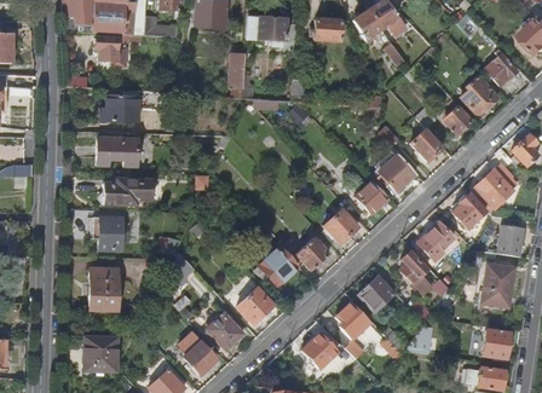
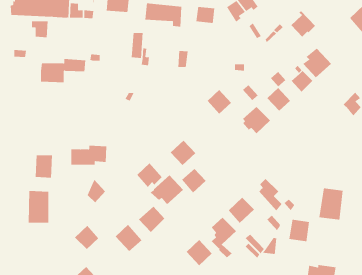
building: [484,50,518,86] -> [291,11,316,38]
building: [96,137,138,167] -> none
building: [473,166,517,209] -> none
building: [103,178,152,204] -> [70,145,107,165]
building: [354,180,388,214] -> [207,89,232,114]
building: [451,193,485,229] -> none
building: [323,209,358,244] -> [170,140,196,166]
building: [417,222,454,261] -> none
building: [497,224,523,256] -> none
building: none -> [136,162,163,188]
building: [482,329,511,359] -> [288,219,310,242]
building: [82,336,116,371] -> none
building: [183,341,217,375] -> [74,225,99,250]

